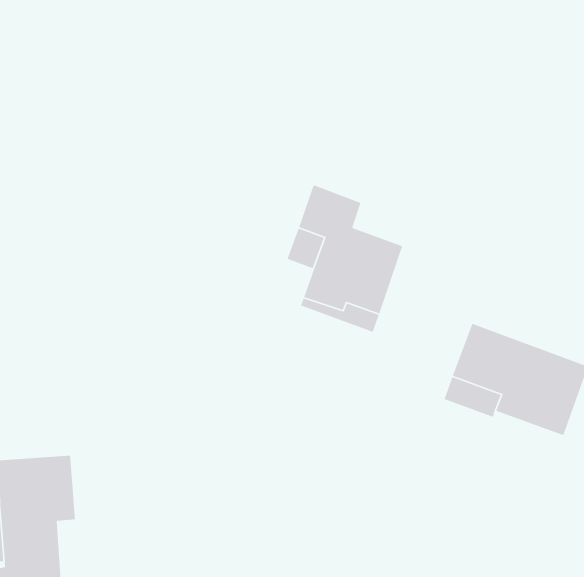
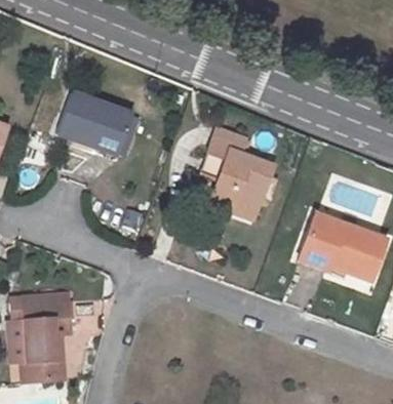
building: none -> [57,91,133,155]

